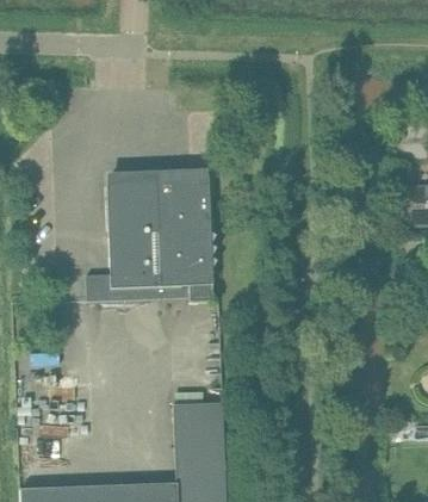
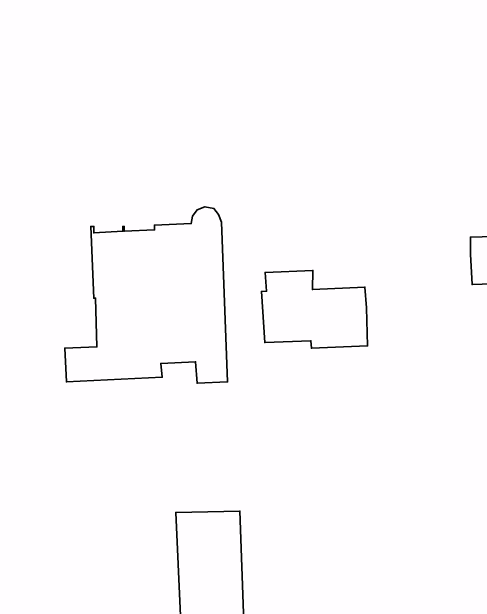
building: none -> [261,271,367,348]

